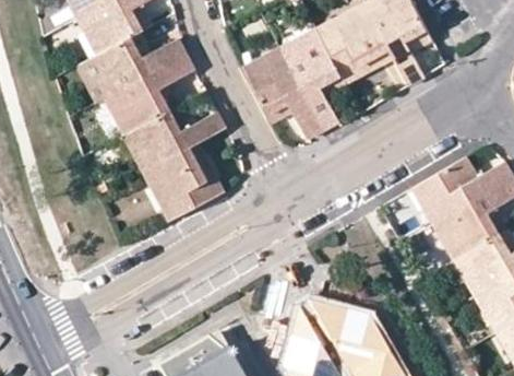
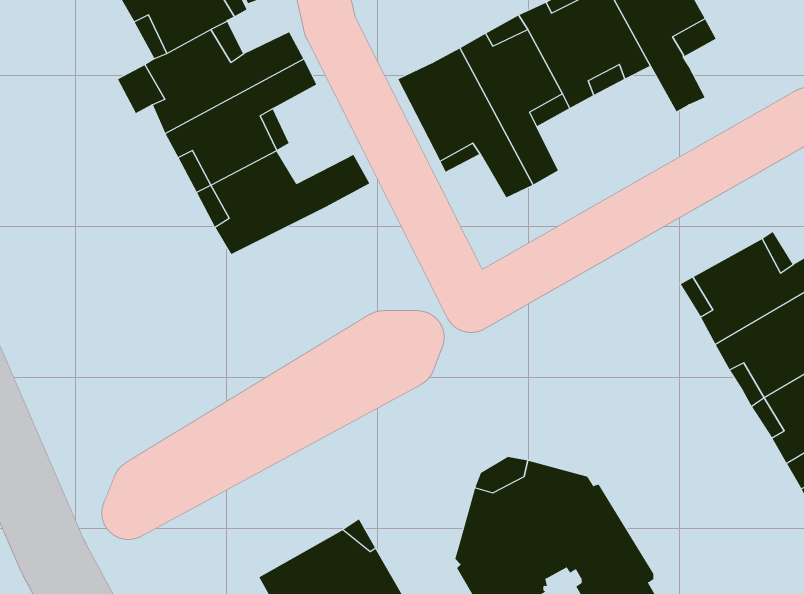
building: [143,143,225,222] -> none

